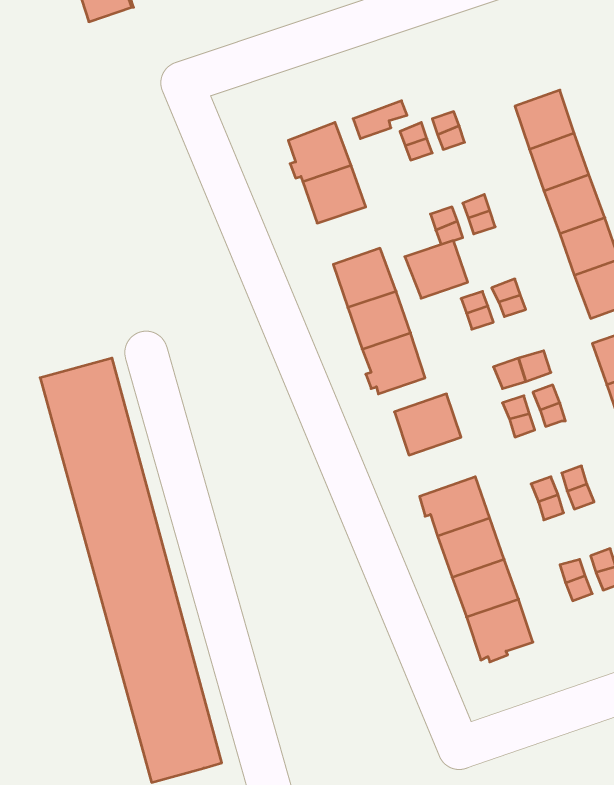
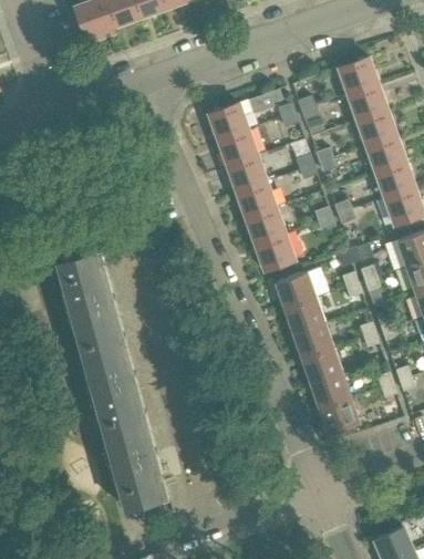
building: none -> [339,59,380,94]
building: [405,241,468,298] -> [227,156,266,191]
building: none -> [283,298,324,334]

